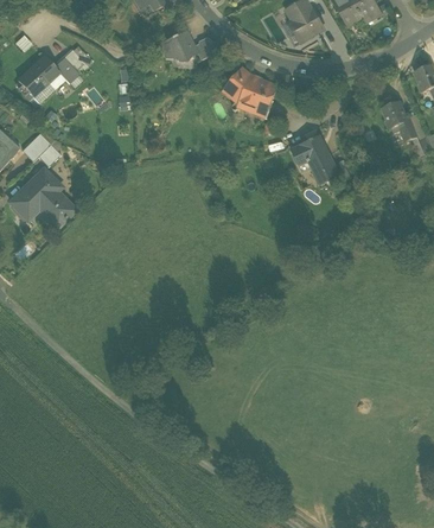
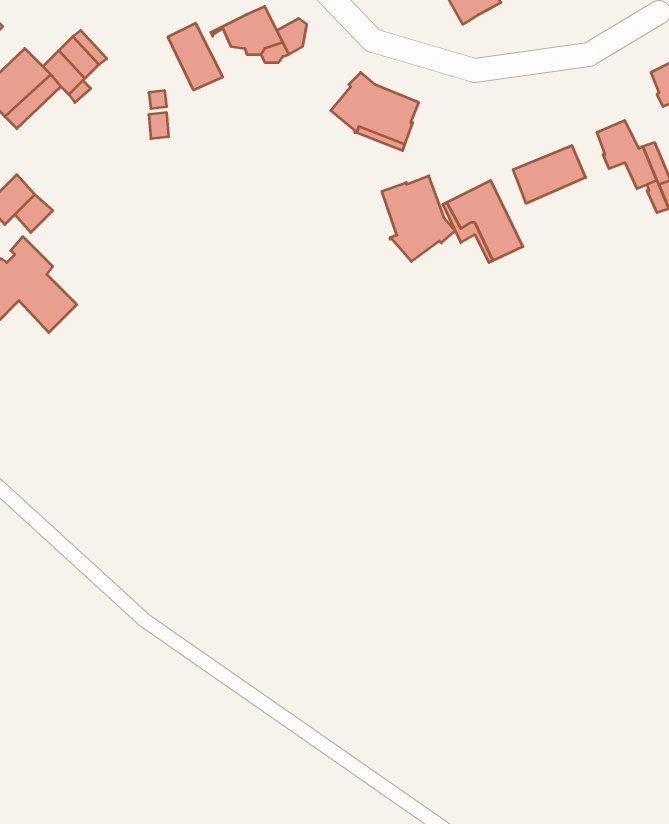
building: none -> [168,23,223,90]
building: none -> [513,145,586,203]
building: none -> [382,176,455,262]

